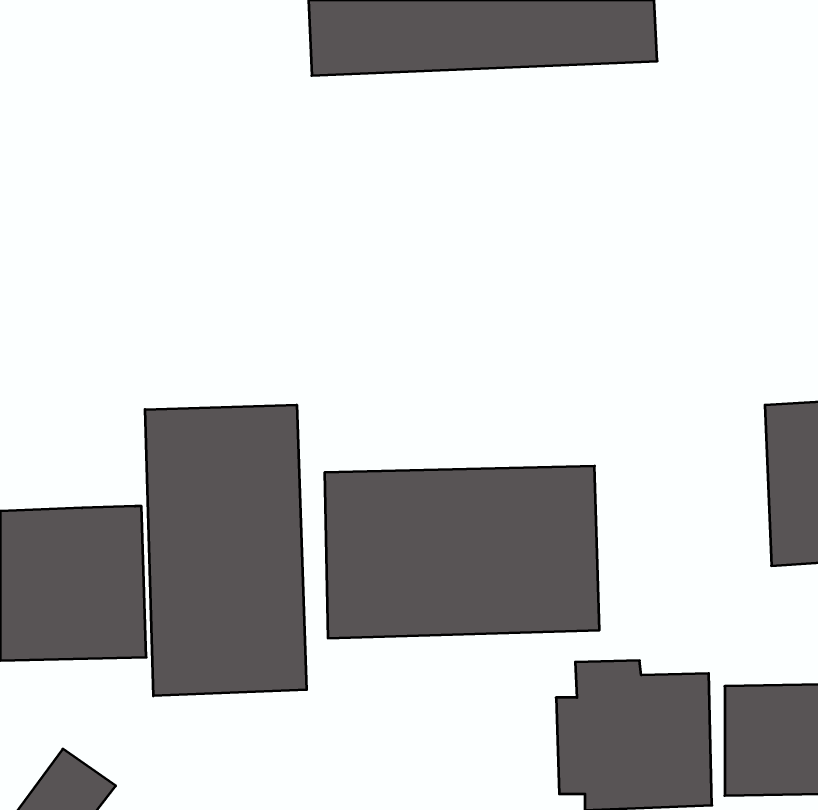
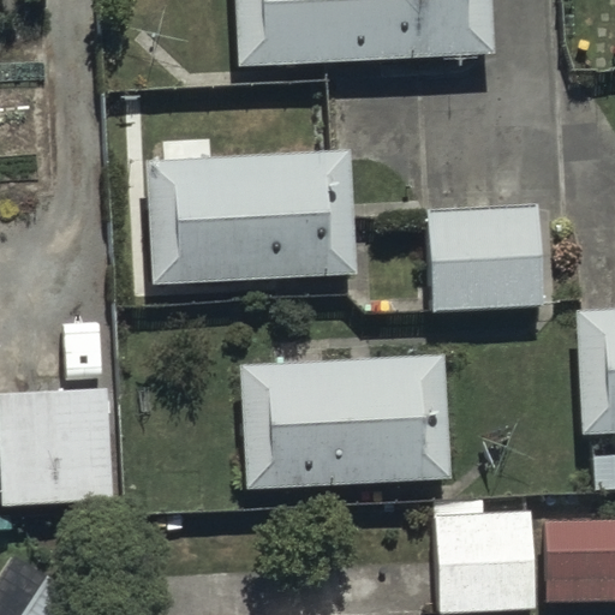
building: none -> [147,148,356,282]
building: none -> [425,204,542,312]
building: [145,405,307,696] -> none

